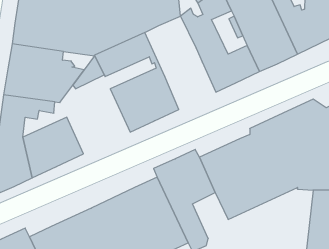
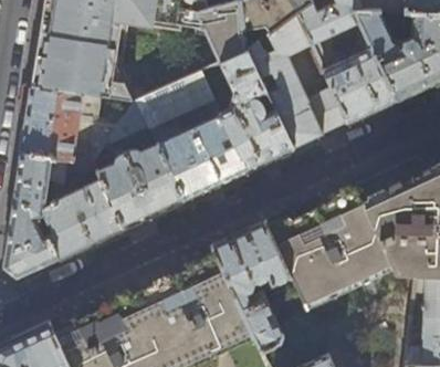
building: none -> [219,51,292,170]
building: none -> [97,144,182,227]

